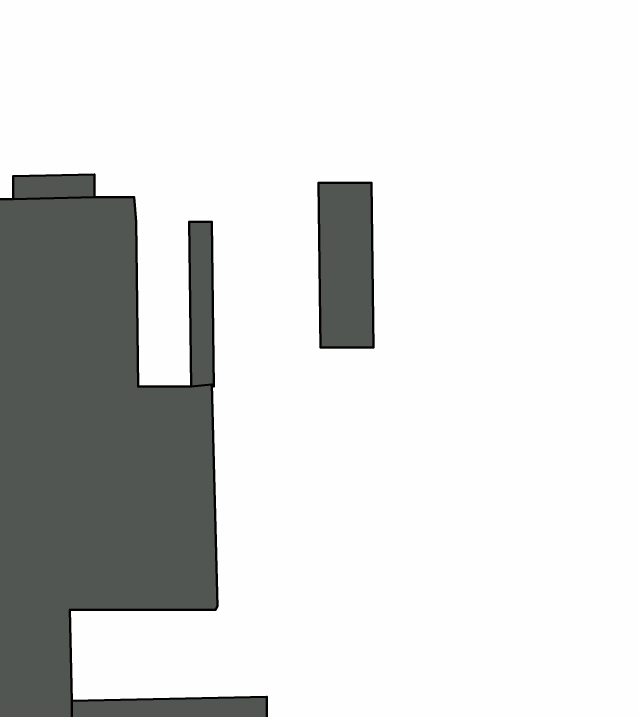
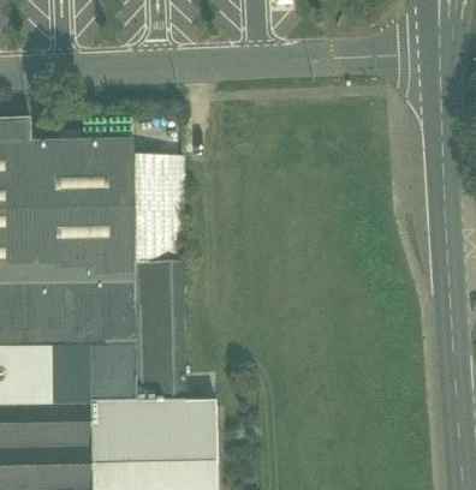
building: [319,183,373,348] -> [135,161,169,265]
building: none -> [93,405,218,465]

